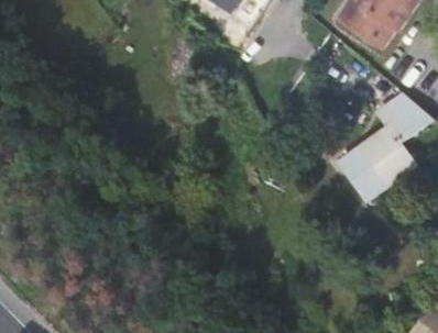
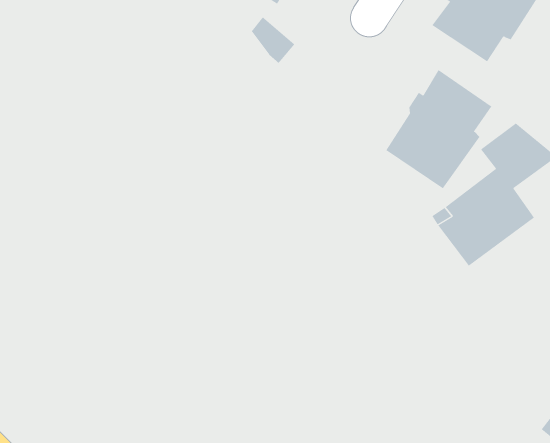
building: none -> [385,69,492,189]

